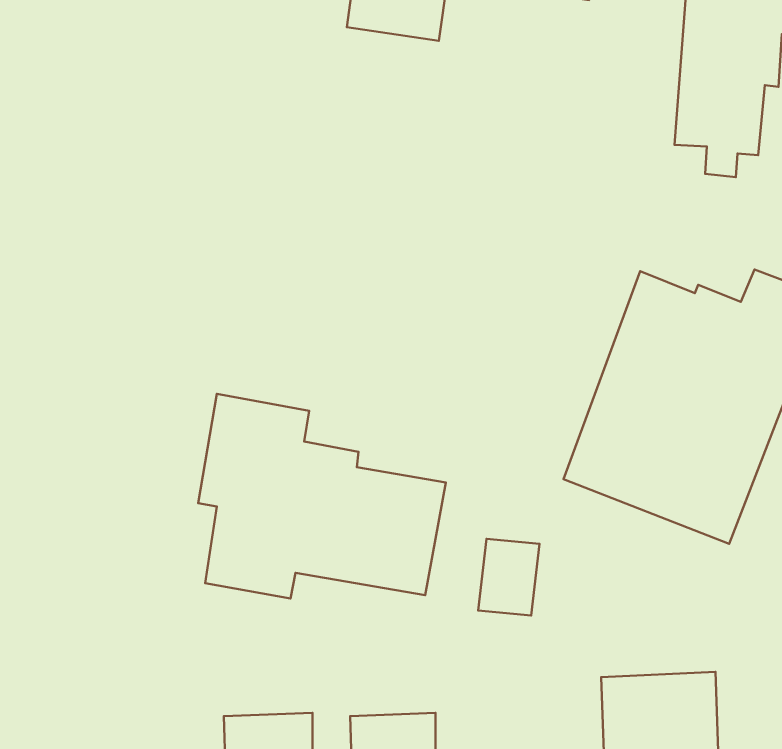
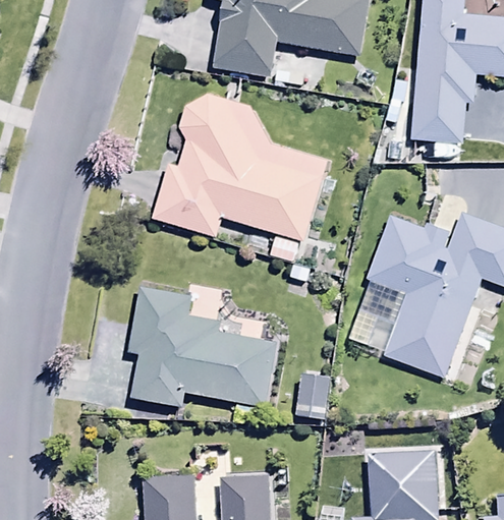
building: none -> [152,94,329,263]

